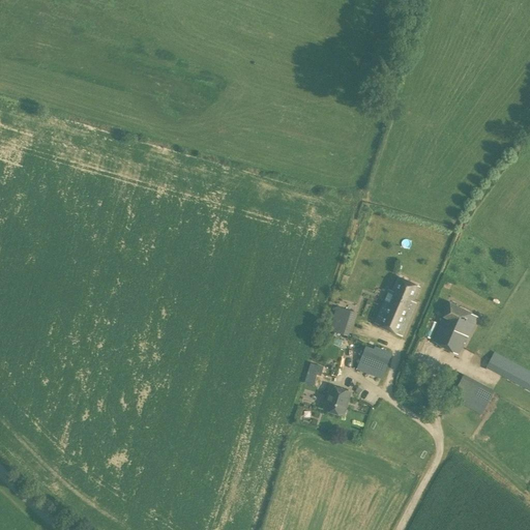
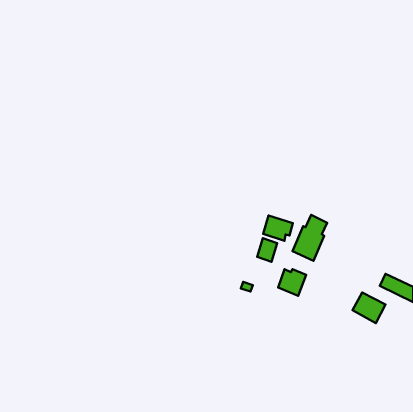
building: none -> [263,216,293,241]
building: [433,301,478,353] -> none
building: [324,385,350,414] -> none

